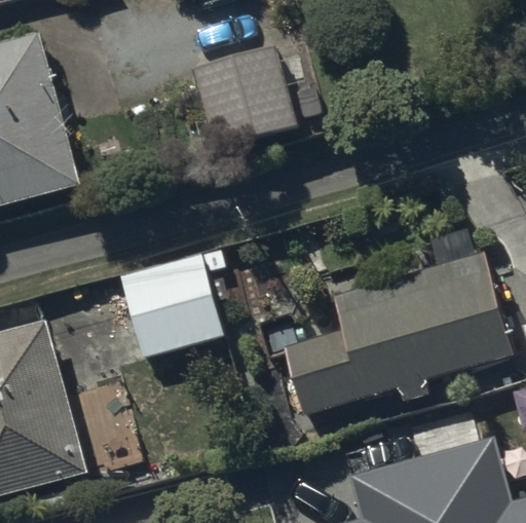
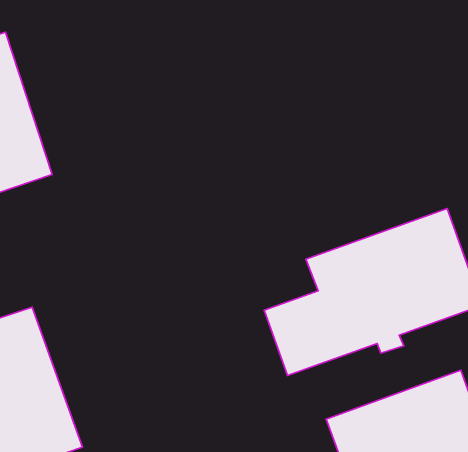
building: [195,46,298,148] -> none
building: [120,253,227,356] -> none

